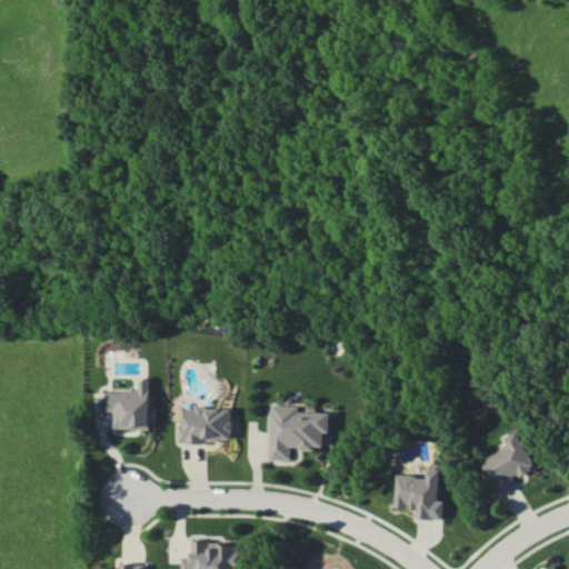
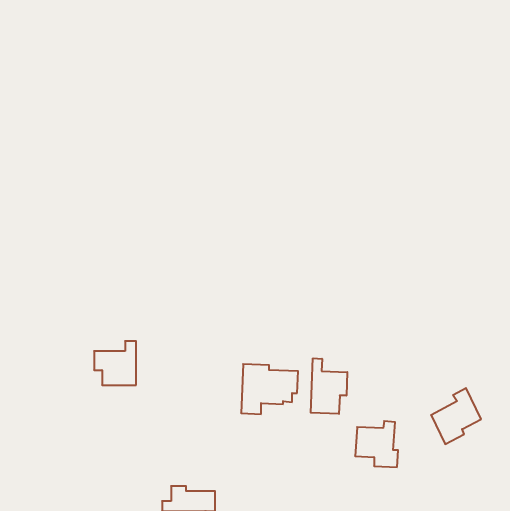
building: none -> [311,358,347,414]
building: [177,408,231,442] -> none

